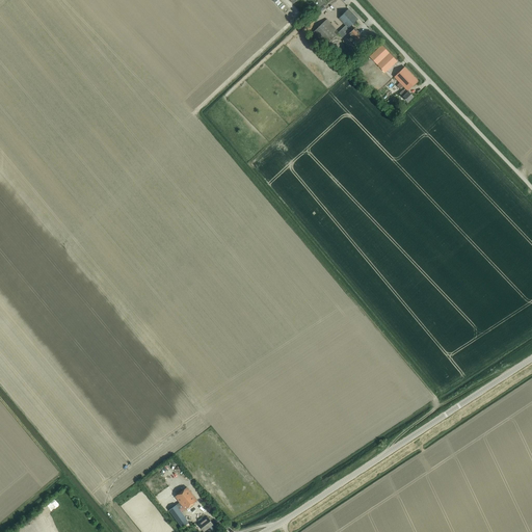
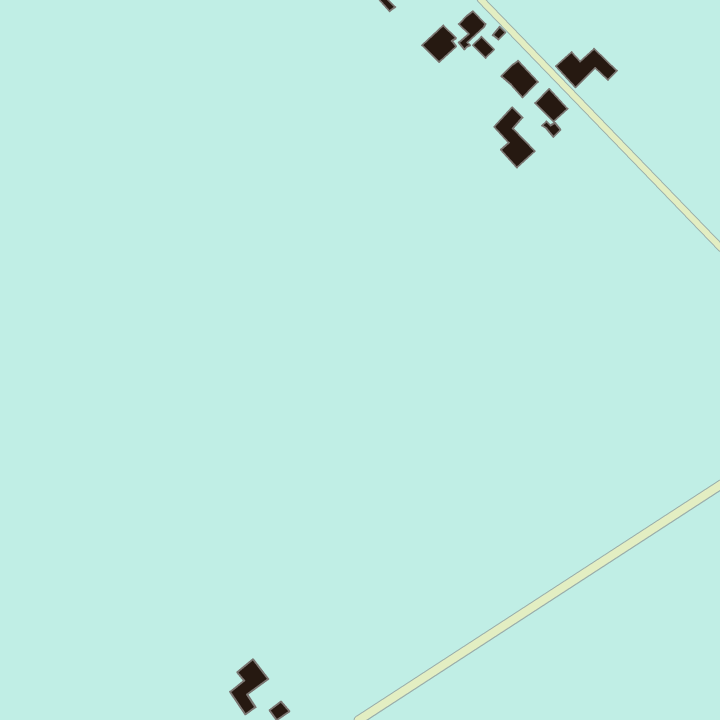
building: none -> [556,49,617,87]
building: none -> [494,107,535,168]

